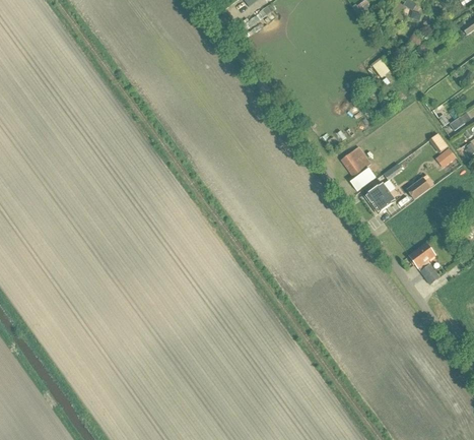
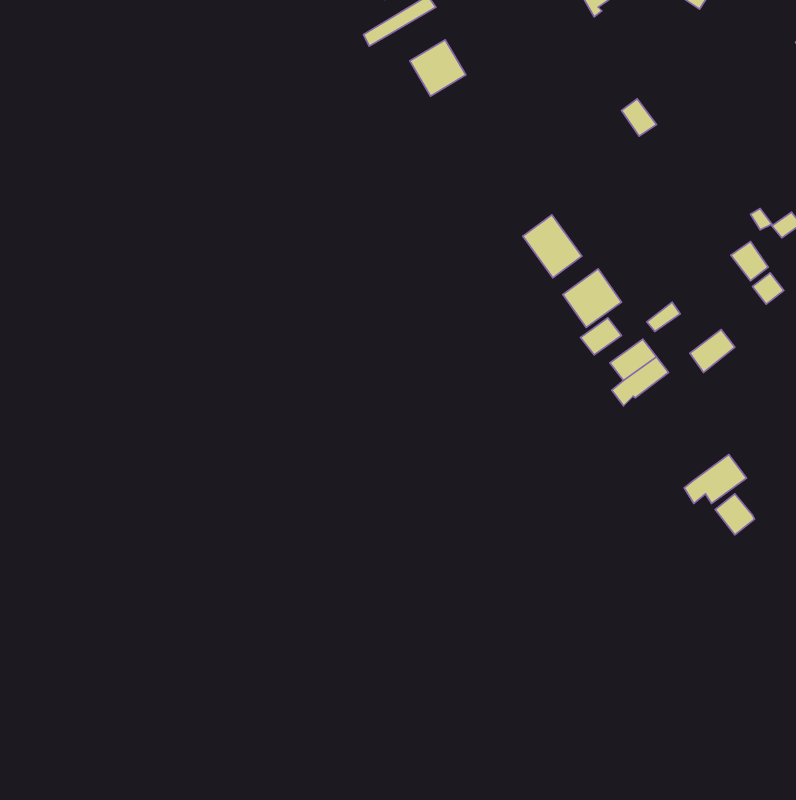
building: none -> [410,40,466,96]
building: none -> [523,215,582,278]

